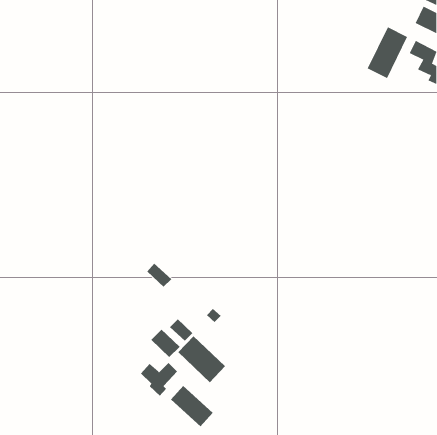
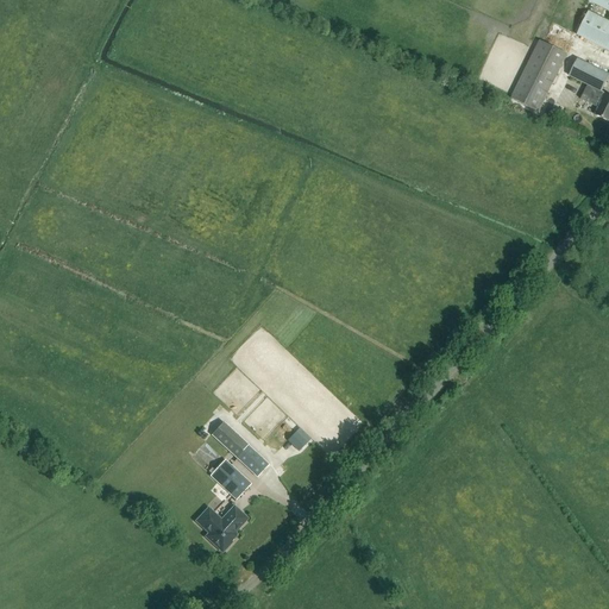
building: [146,263,172,288] -> [212,420,247,454]
building: [178,335,226,383] -> none
building: [170,385,213,427] -> none

